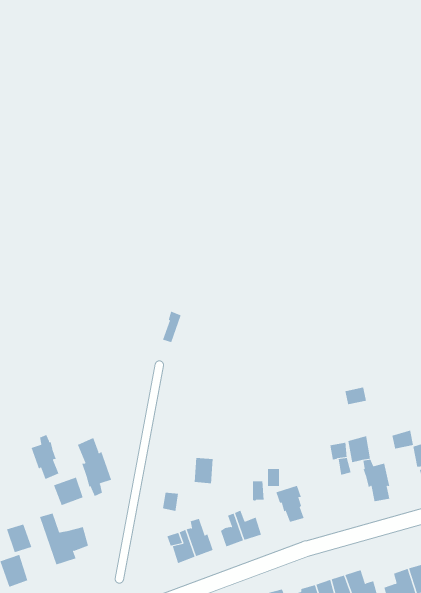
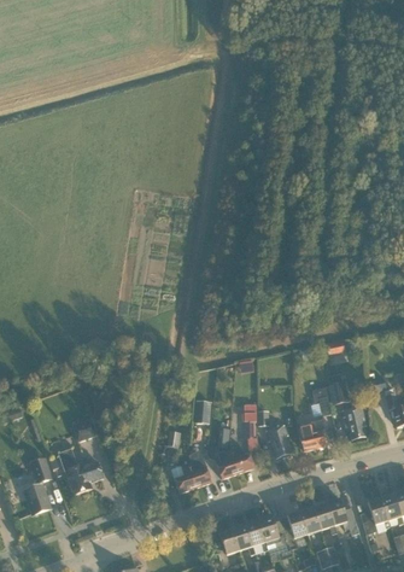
building: [31,434,59,480] -> none
building: [77,437,112,497] -> none
building: none -> [297,420,326,453]

